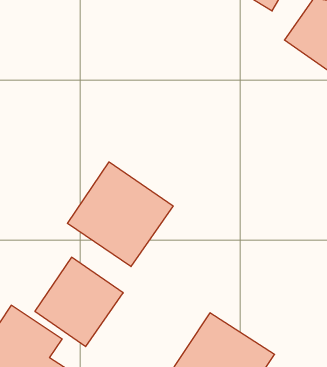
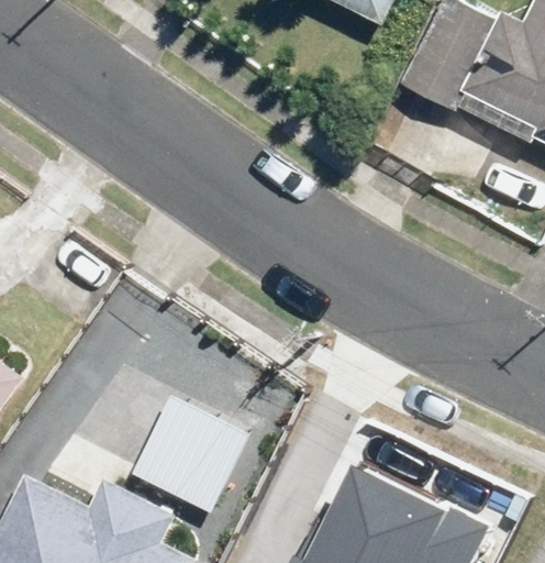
building: [67,162,173,267] -> none

